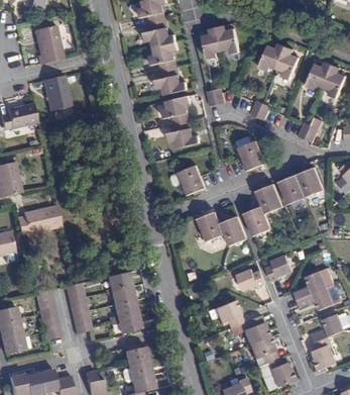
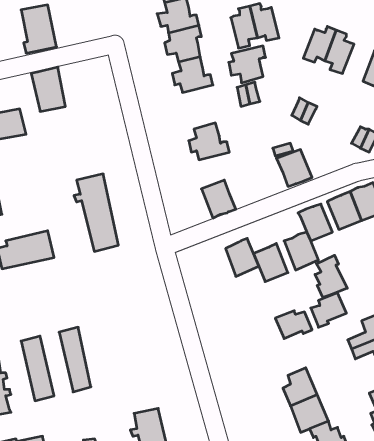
building: [162,95,192,124] -> [229,46,266,83]
building: none -> [315,255,347,298]
building: [105,272,140,333] -> [74,174,118,251]
building: [209,300,244,327] -> none

